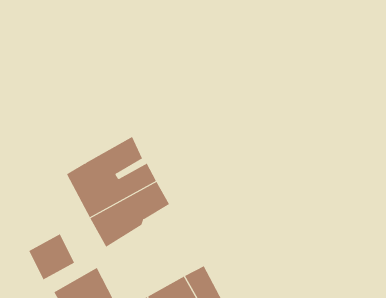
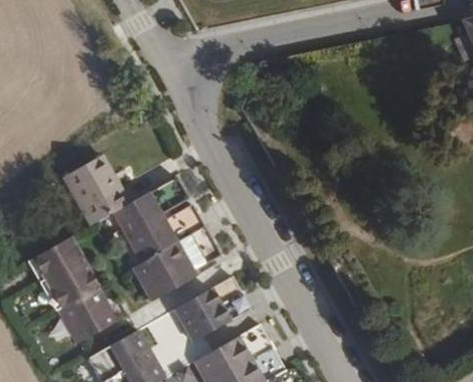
building: none -> [57,159,116,223]
building: none -> [24,236,87,307]
building: none -> [165,272,243,338]

